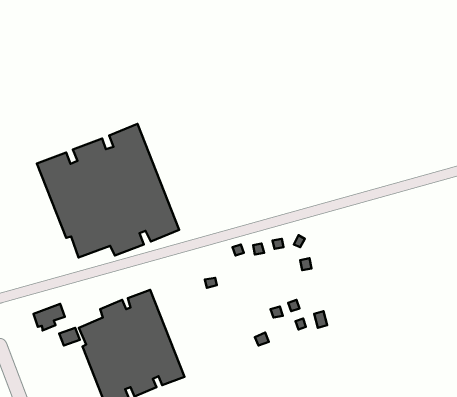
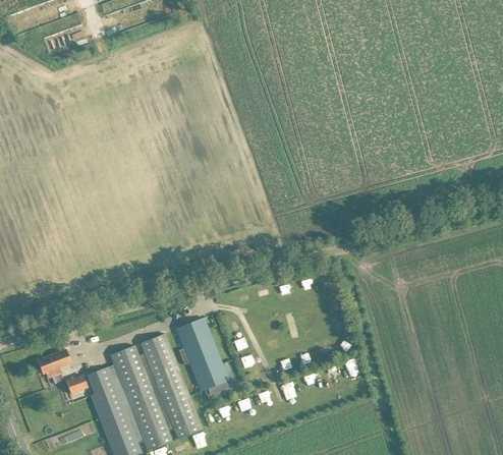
building: [37,124,179,257] -> none
building: none -> [176,319,228,397]

